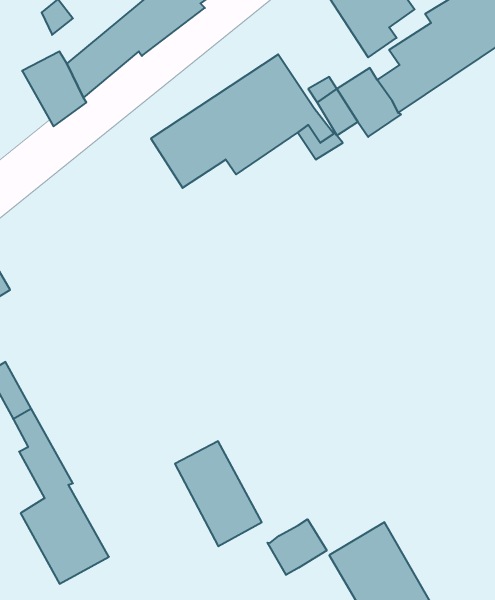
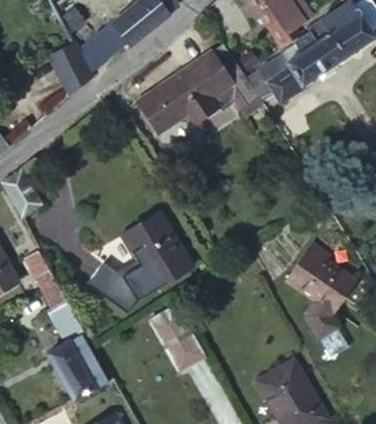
building: none -> [87,214,192,314]
building: none -> [287,244,355,337]
building: [267,519,327,575] -> none

